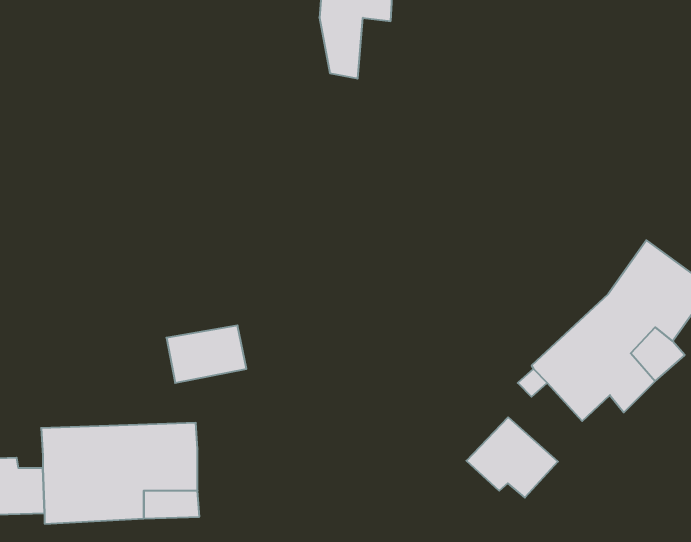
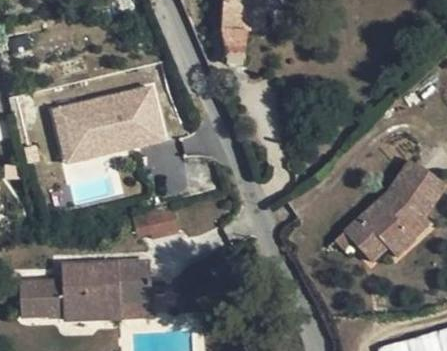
building: none -> [50,83,169,165]
building: [466,417,558,498] -> none

